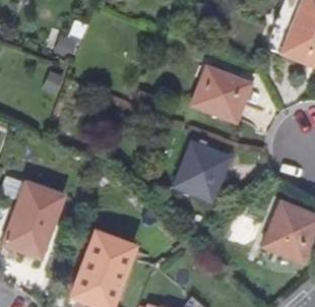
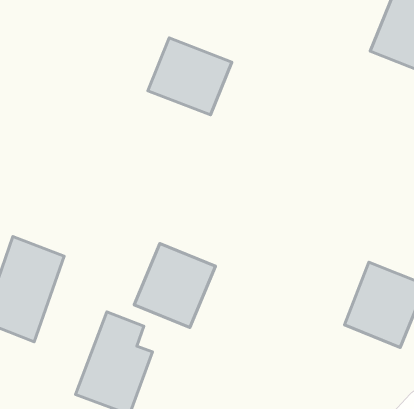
building: [192,66,252,121] -> [148,38,232,115]
building: [173,141,231,201] -> [134,243,215,327]

